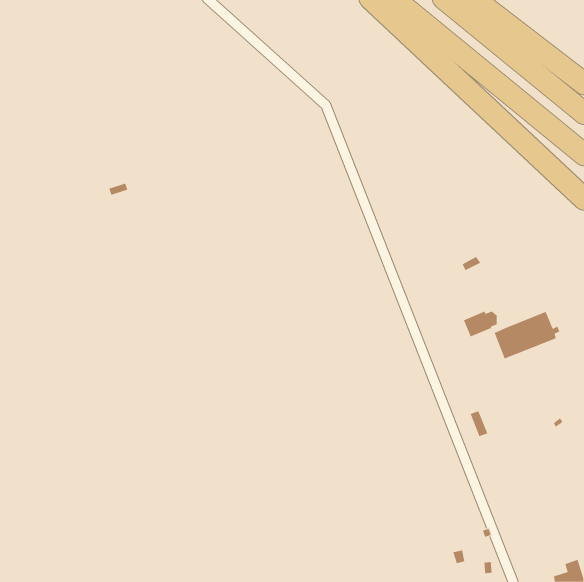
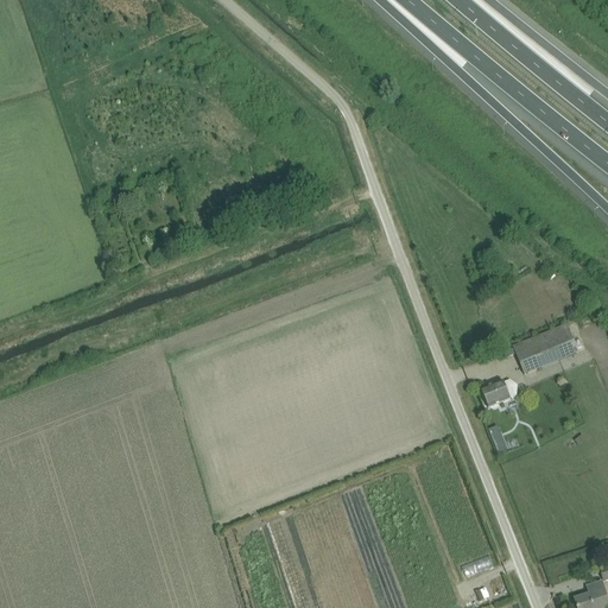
building: [463,311,497,337] -> [481,380,517,407]

